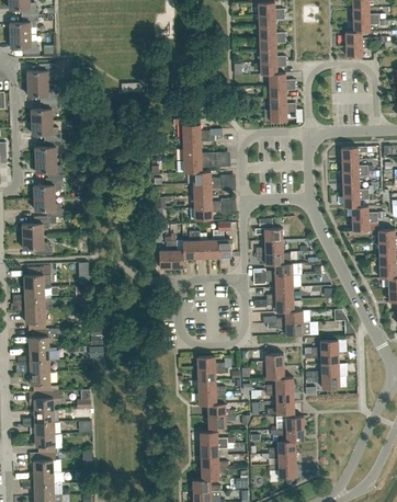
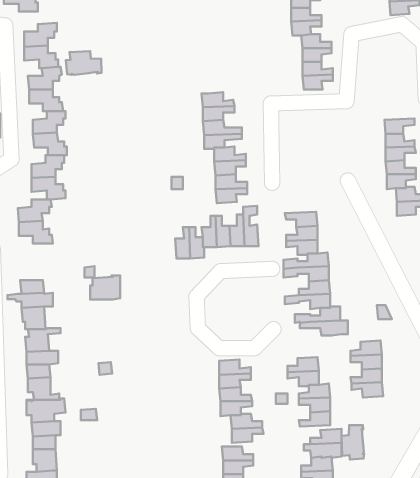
building: none -> [66,51,101,75]
building: [24,266,50,287] -> [90,275,120,299]
building: none -> [342,425,364,460]

